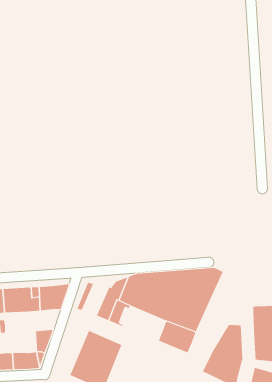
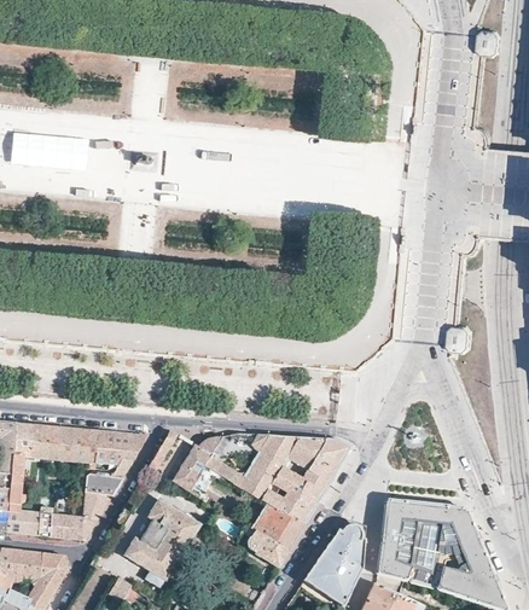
building: none -> [86,464,126,490]
building: none -> [245,528,287,567]

